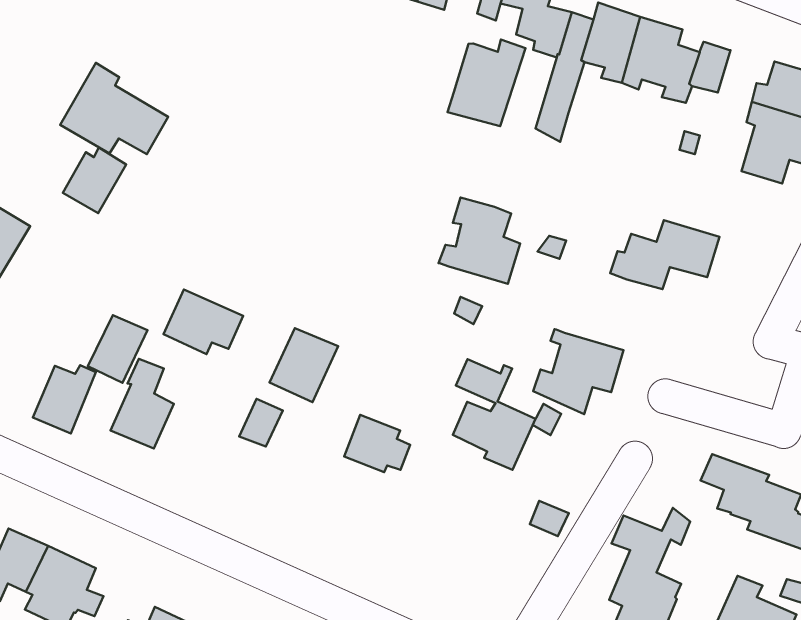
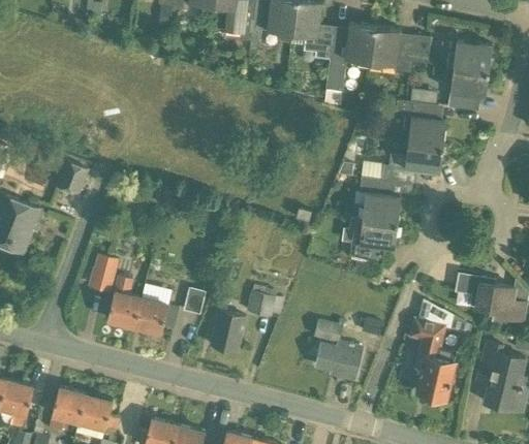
building: [447,40,525,126] -> none
building: [60,63,168,154] -> none
building: none -> [396,100,445,147]
building: [439,198,520,284] -> [355,177,401,222]
building: [164,290,243,354] -> [134,298,179,334]
building: [270,328,338,402] -> [211,311,247,352]
building: [453,359,535,470] -> [313,319,363,379]
building: [33,365,96,434] -> none

